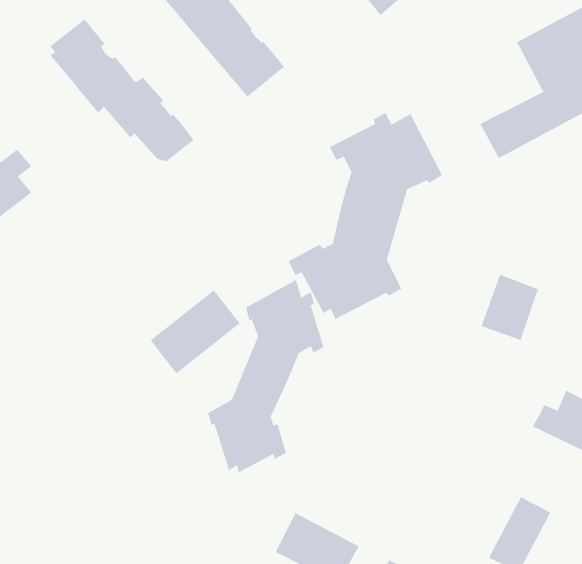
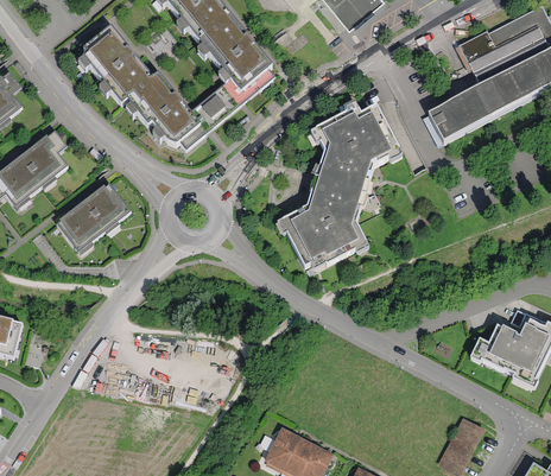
building: none -> [175,69,273,150]
building: [481,274,539,341] -> none
building: [208,279,324,473] -> none
building: [150,289,241,374] -> [53,182,127,250]

